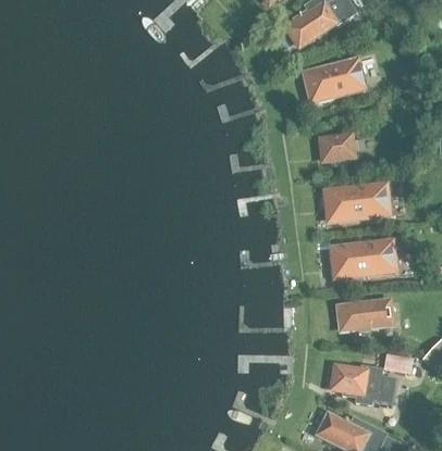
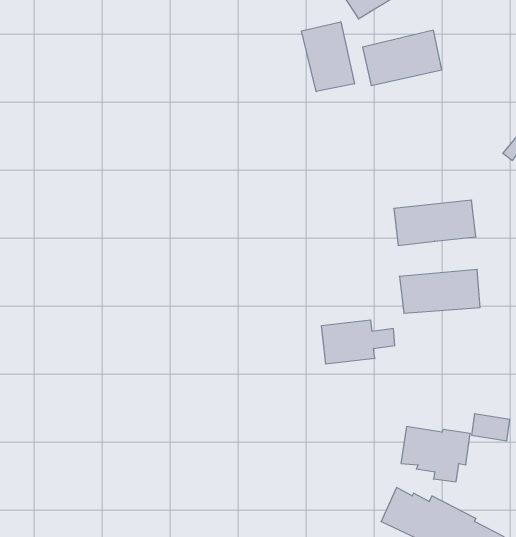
building: none -> [302,22,354,92]
building: [318,131,365,166] -> none
building: [335,299,392,333] -> [321,320,395,364]

